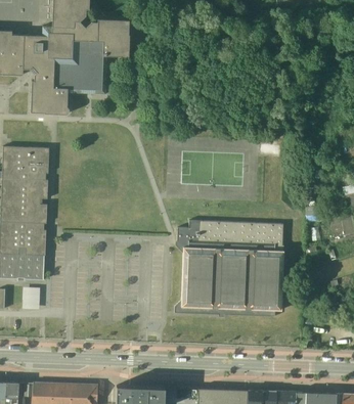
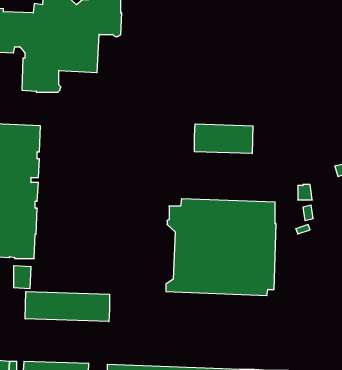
building: none -> [195,124,253,154]
building: none -> [25,292,110,322]

